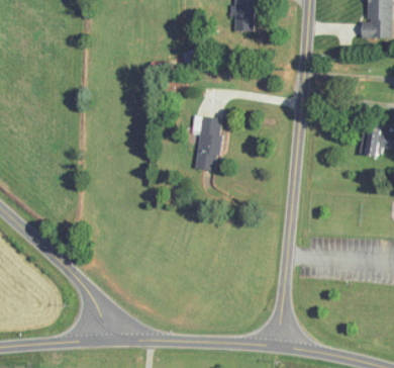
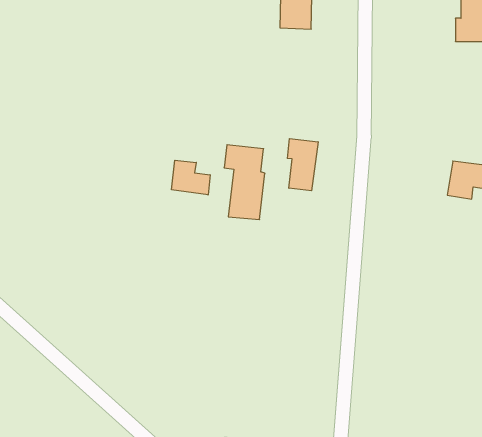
building: none -> [287,139,318,191]
building: none -> [172,160,210,195]

